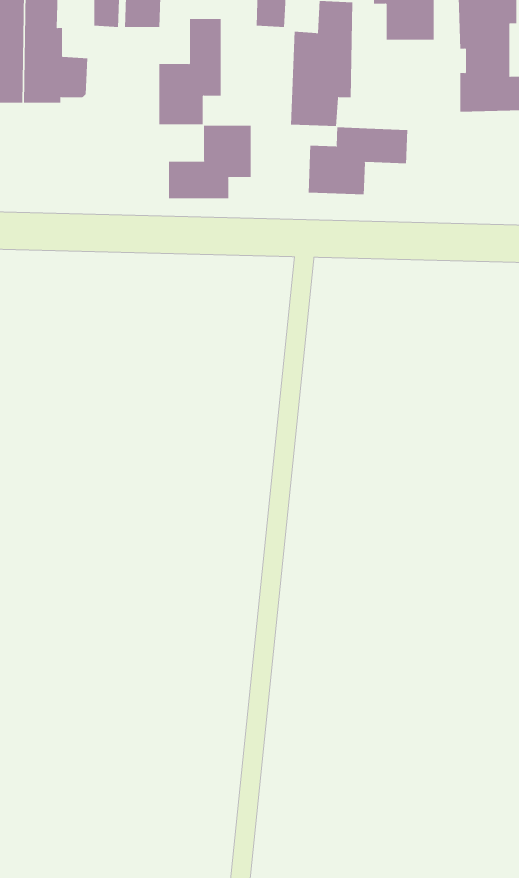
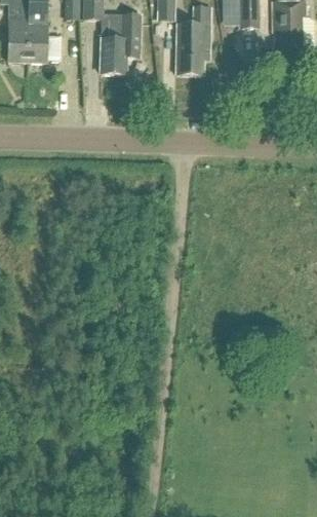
building: [169,125,251,199] -> none
building: [308,127,408,195] -> none

